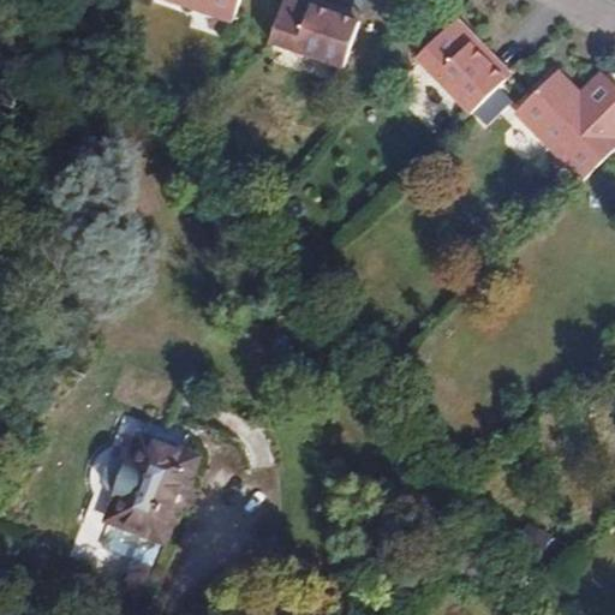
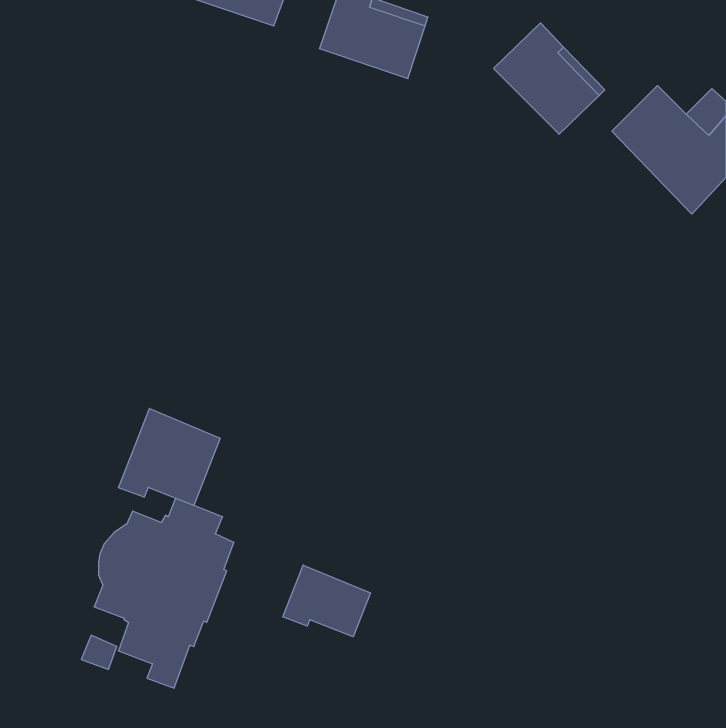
building: none -> [118,408,220,505]
building: none -> [283,565,370,637]

